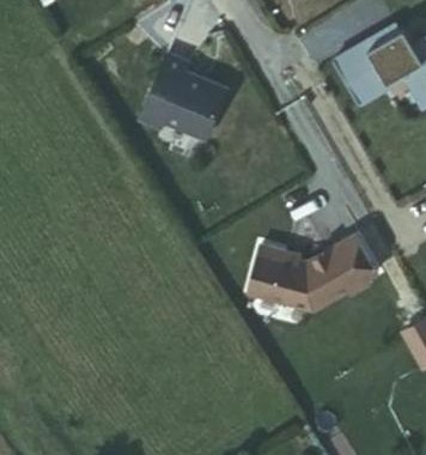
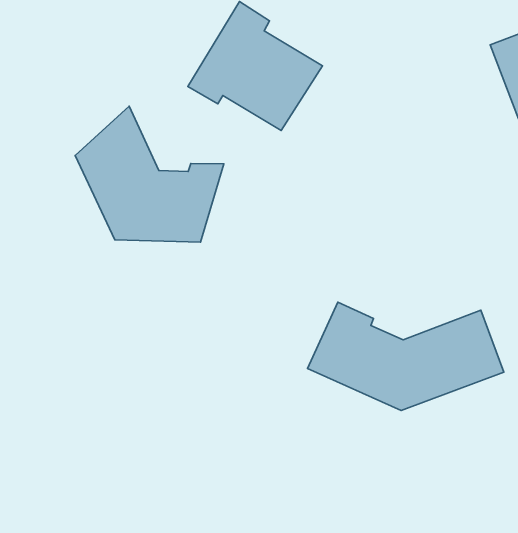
building: none -> [75,106,224,242]

